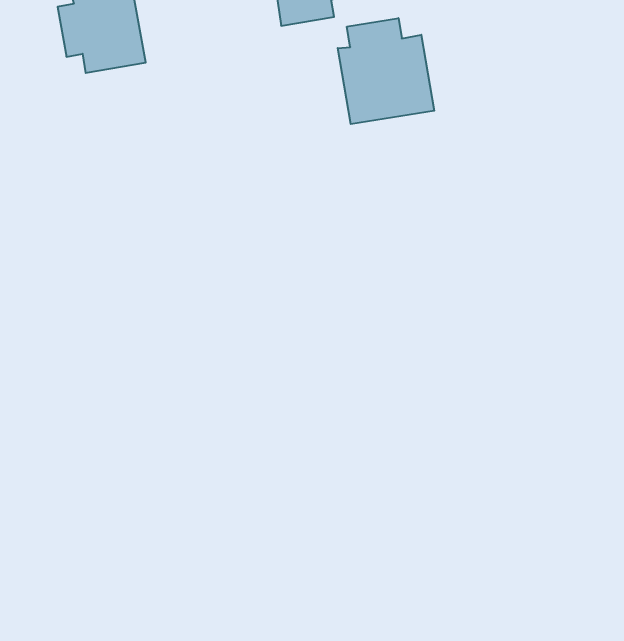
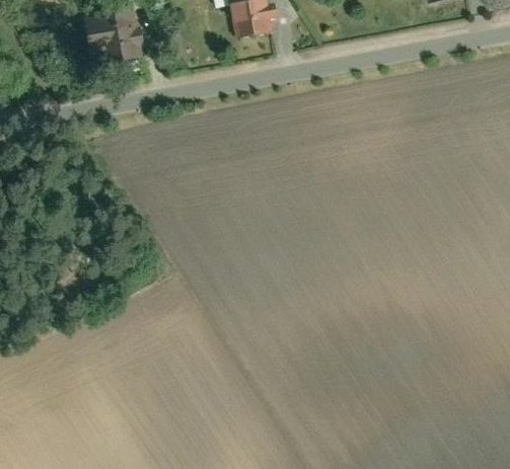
building: [338,18,434,124] -> none

